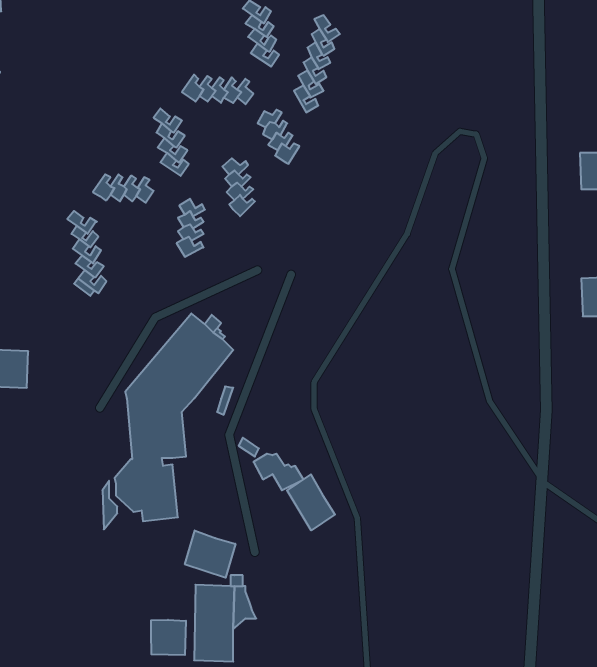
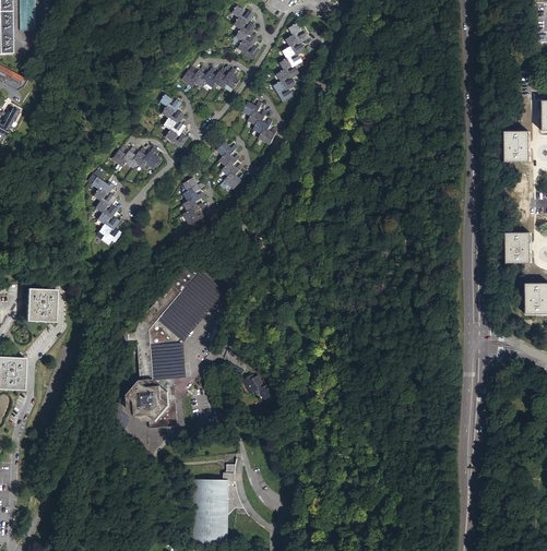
building: [287,474,335,530] -> none
building: [185,530,235,578] -> none
building: [151,620,186,655] -> none

